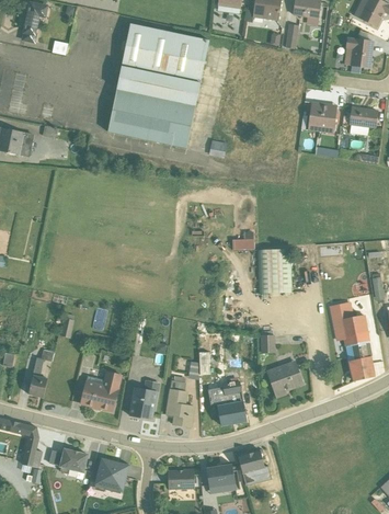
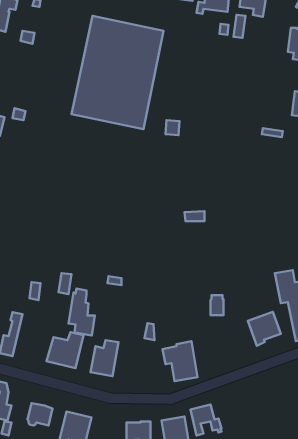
building: [307,101,336,133] -> none
building: [258,249,290,294] -> none
building: [266,359,302,397] -> [248,312,281,346]
building: [165,375,194,426] -> [69,288,95,336]

